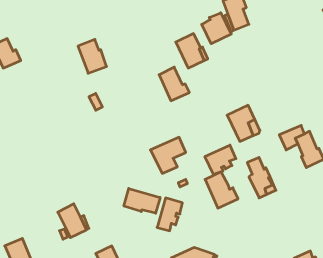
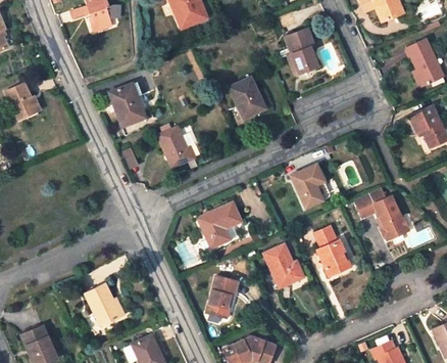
building: [202,13,231,44] -> none
building: [159,67,189,101] -> [158,127,195,168]
building: [205,145,236,175] -> none
building: [124,188,160,213] -> none

